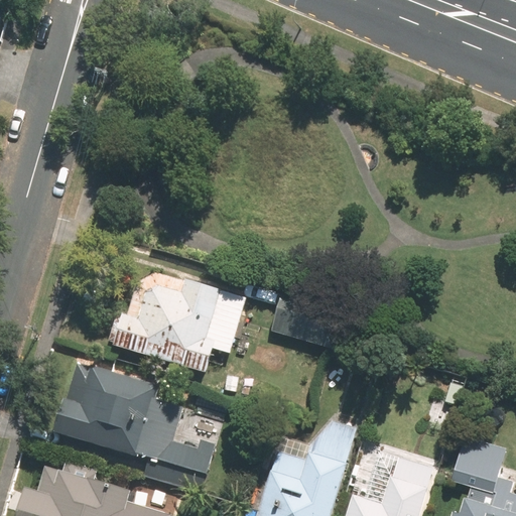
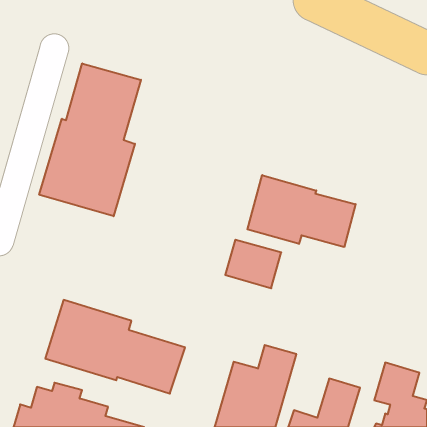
building: none -> [39,63,141,216]
building: none -> [247,175,356,247]
building: [109,272,246,373] -> none

